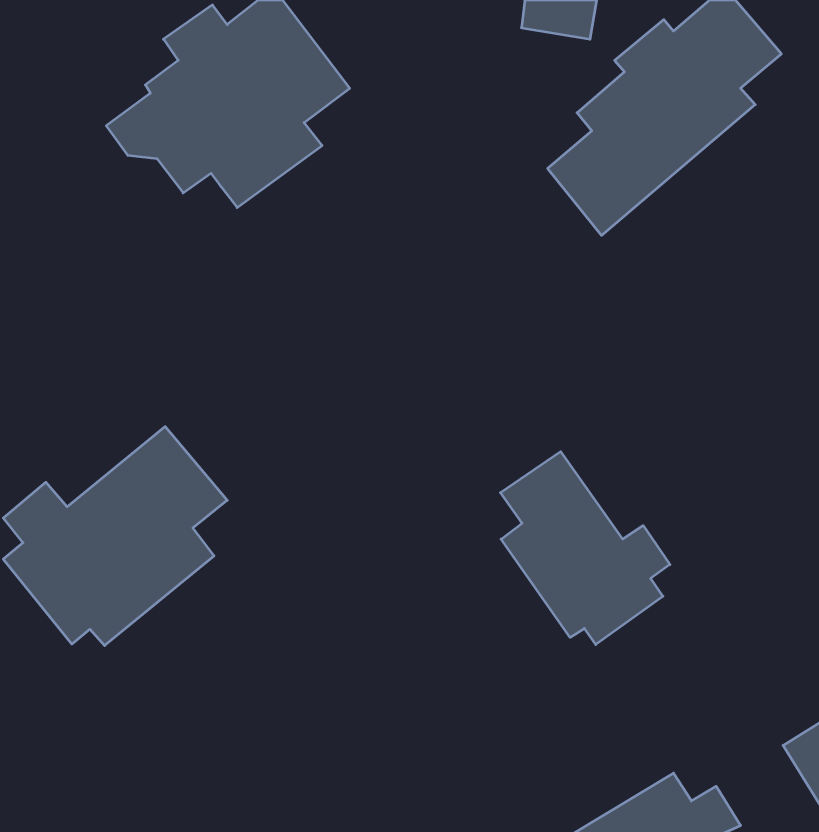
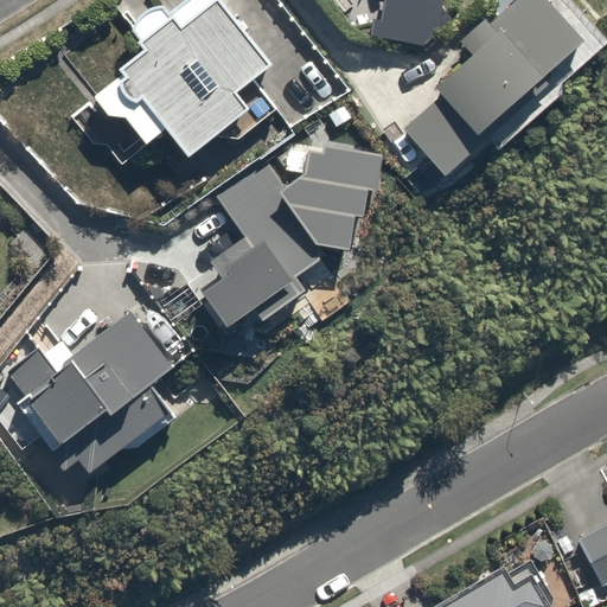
building: none -> [199,147,389,338]
building: [500,452,670,645] -> none

